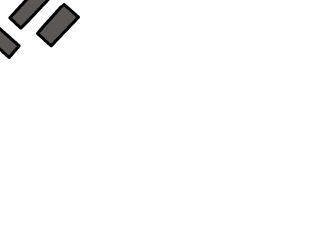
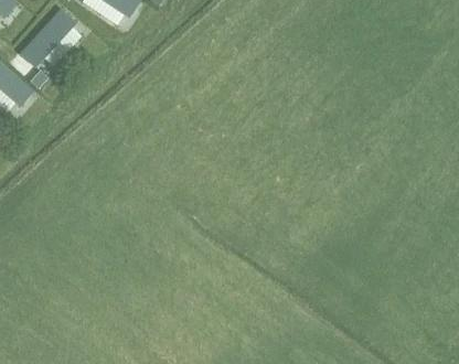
building: [38,5,78,46] -> none

